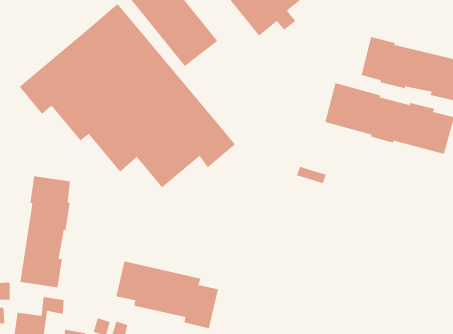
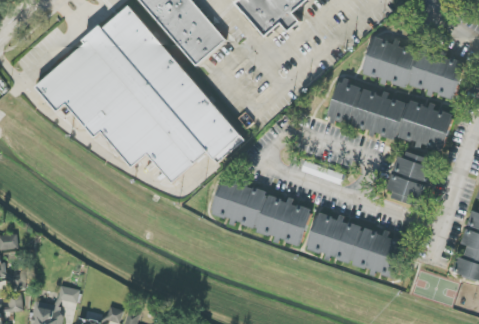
building: none -> [387,151,435,206]
building: [20,175,71,288] -> none
building: none -> [308,212,408,279]
building: [116,261,219,329] -> [212,181,311,246]

